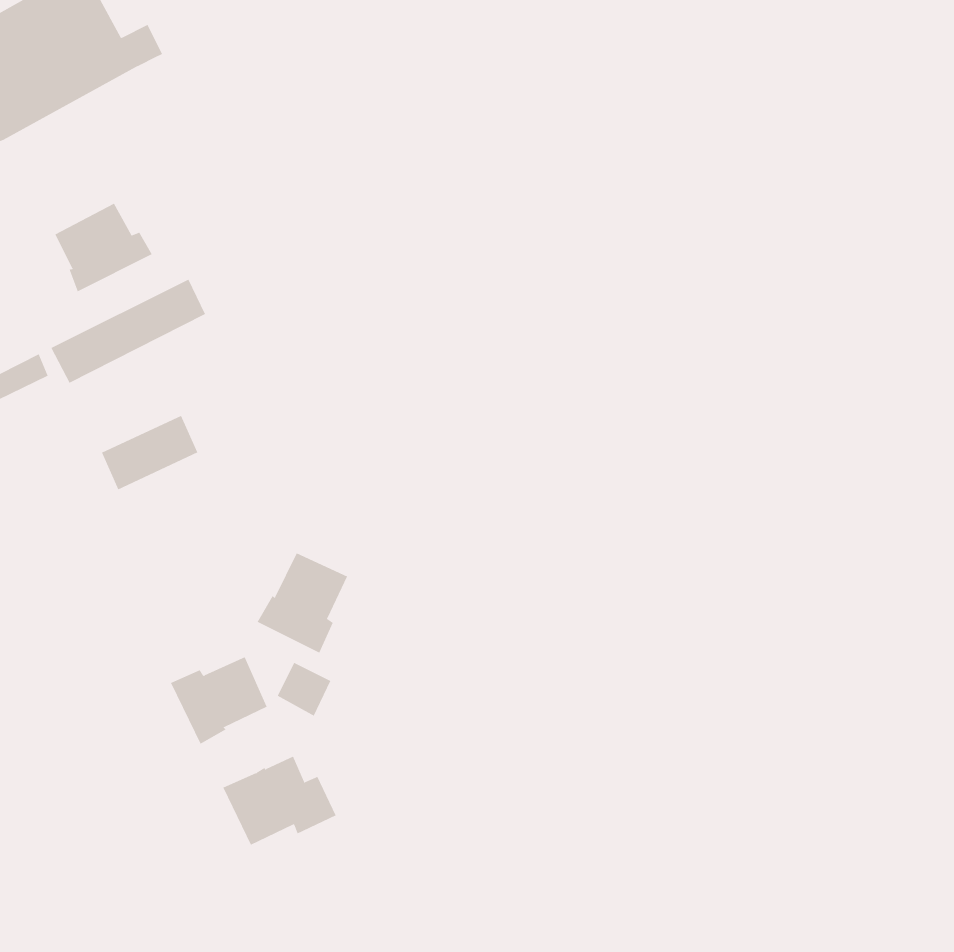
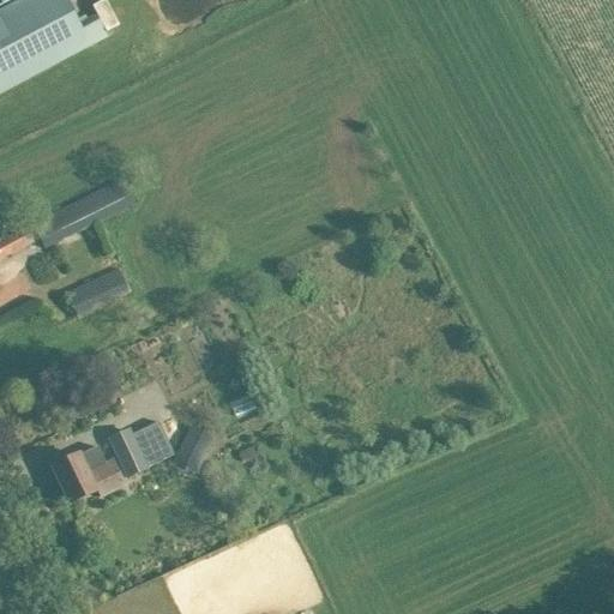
building: [54,203,153,292] -> none
building: [257,553,348,653] -> none
building: [223,756,337,846] -> [50,445,124,502]

